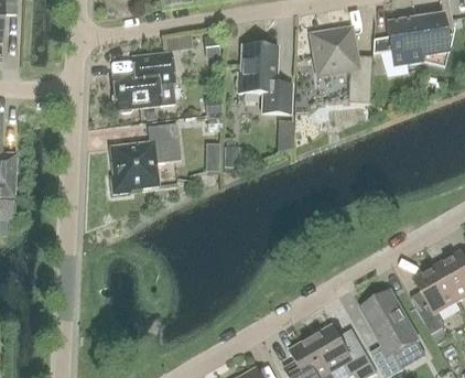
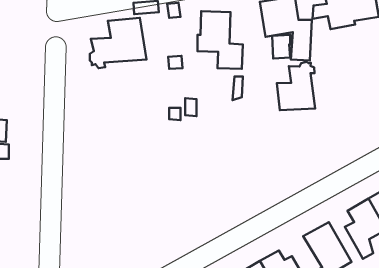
building: none -> [277,62,315,110]
building: [109,122,181,192] -> none

